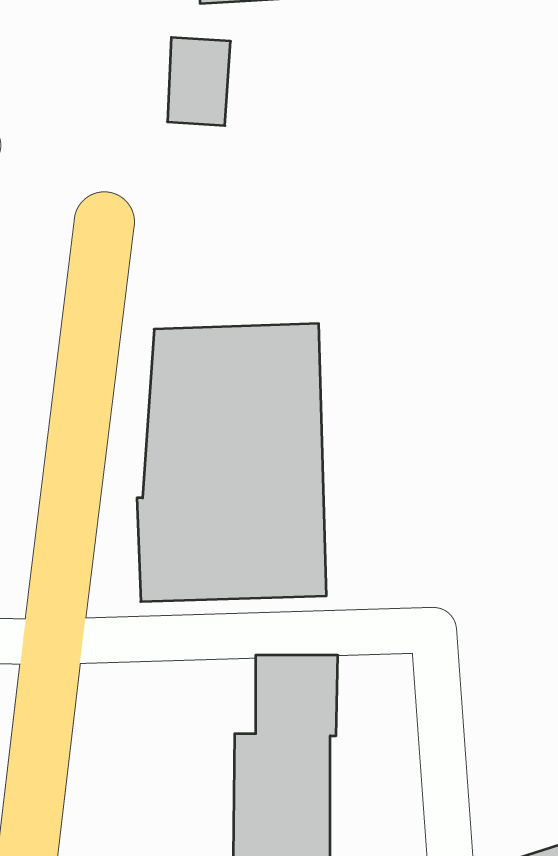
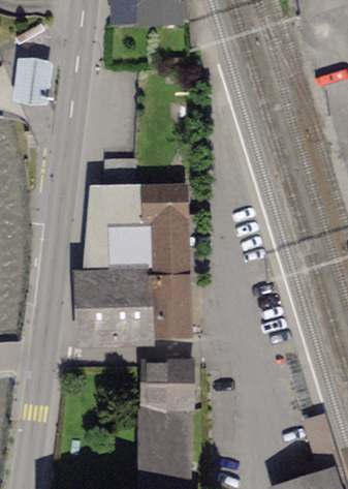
building: [167,37,231,126] -> [17,57,51,104]

